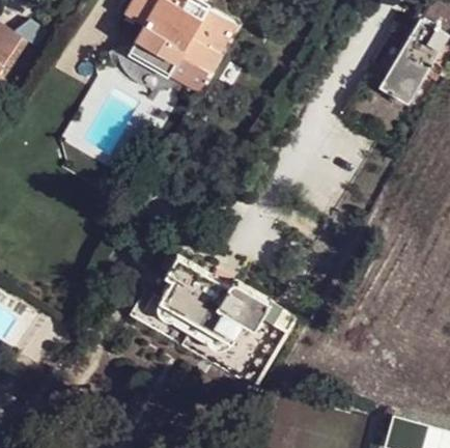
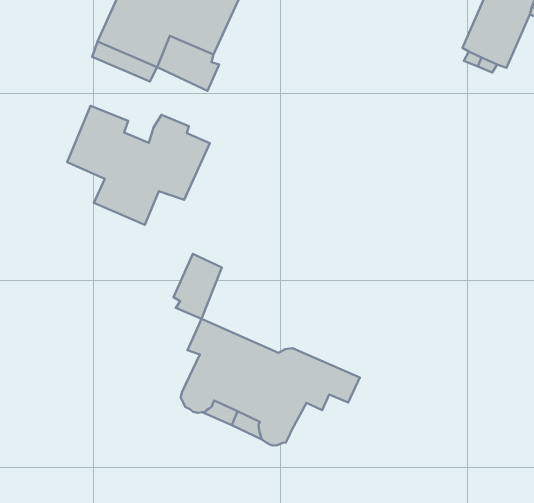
building: none -> [67,106,210,225]
building: none -> [174,254,222,319]

